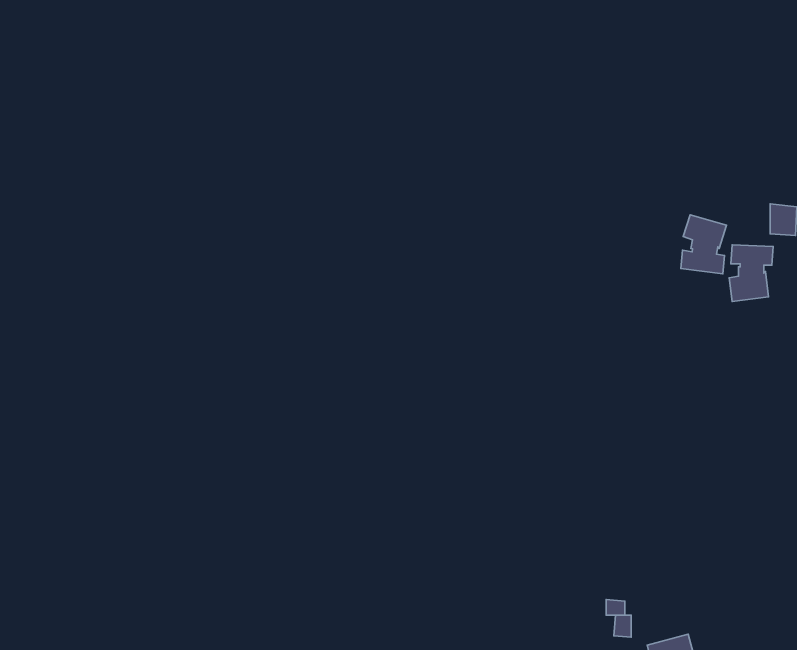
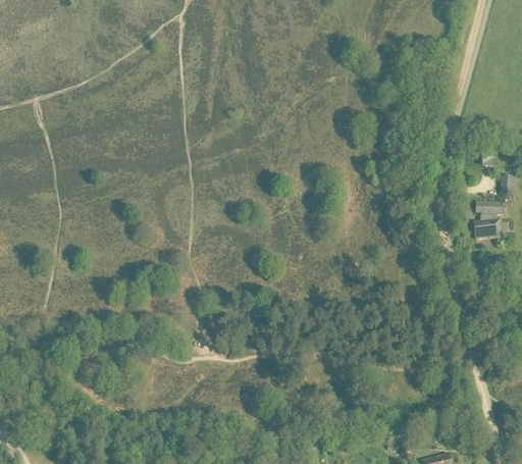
building: [681,215,726,274] -> none

